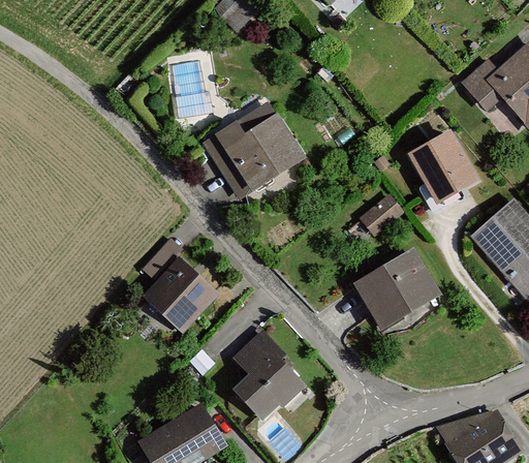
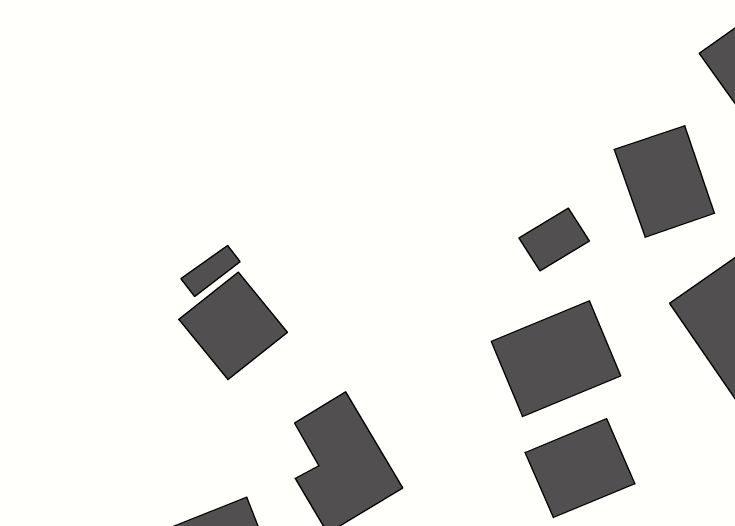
building: [201,113,305,202] -> none
building: none -> [525,419,635,518]

